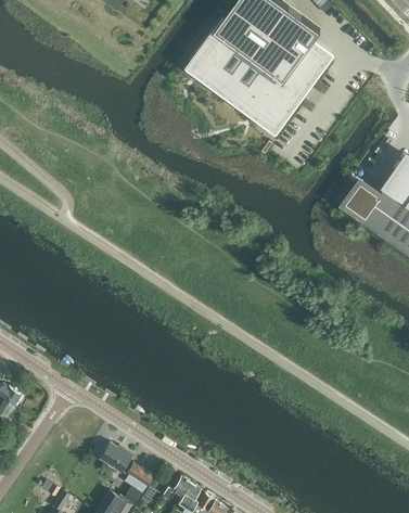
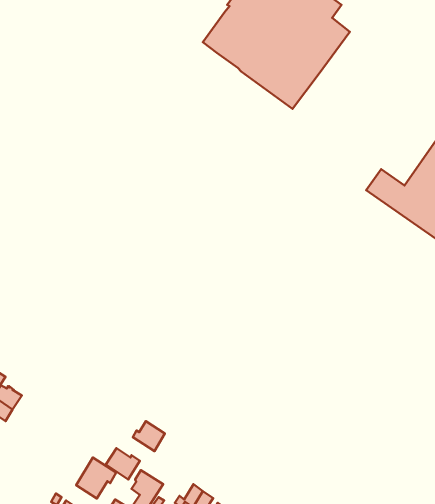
building: none -> [133,421,165,451]
building: none -> [76,457,116,498]

